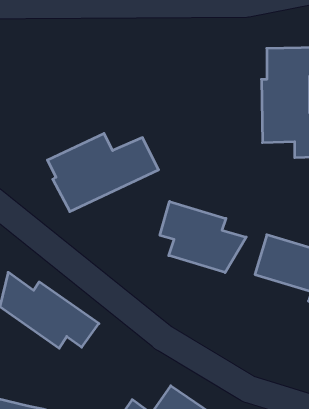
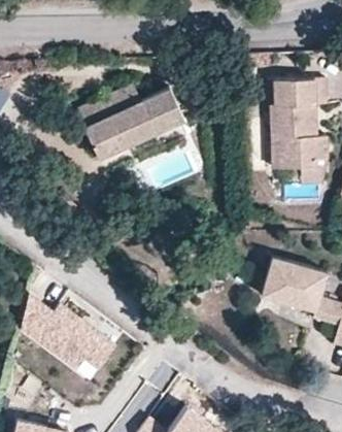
building: [47,133,159,212] -> [74,84,181,159]
building: [160,201,246,273] -> none

